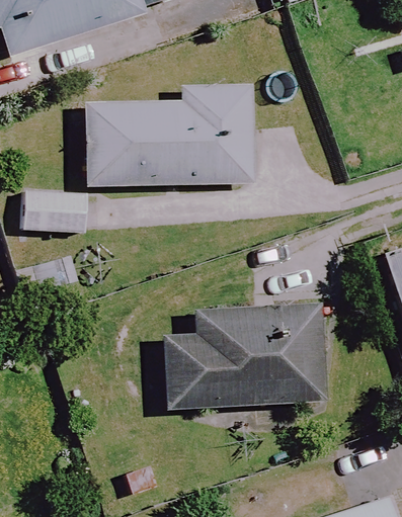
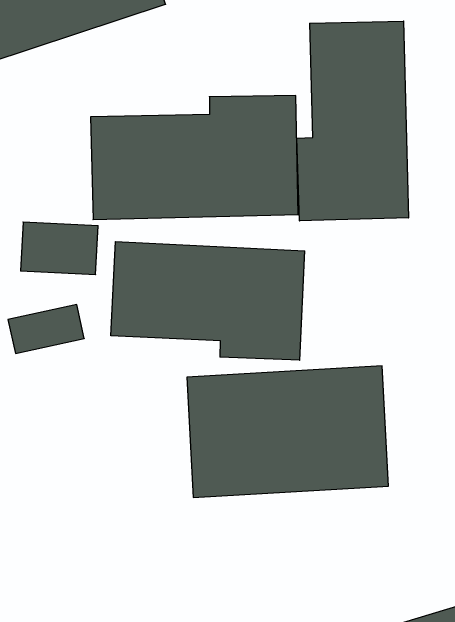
building: none -> [297,21,408,221]
building: none -> [111,242,305,360]

